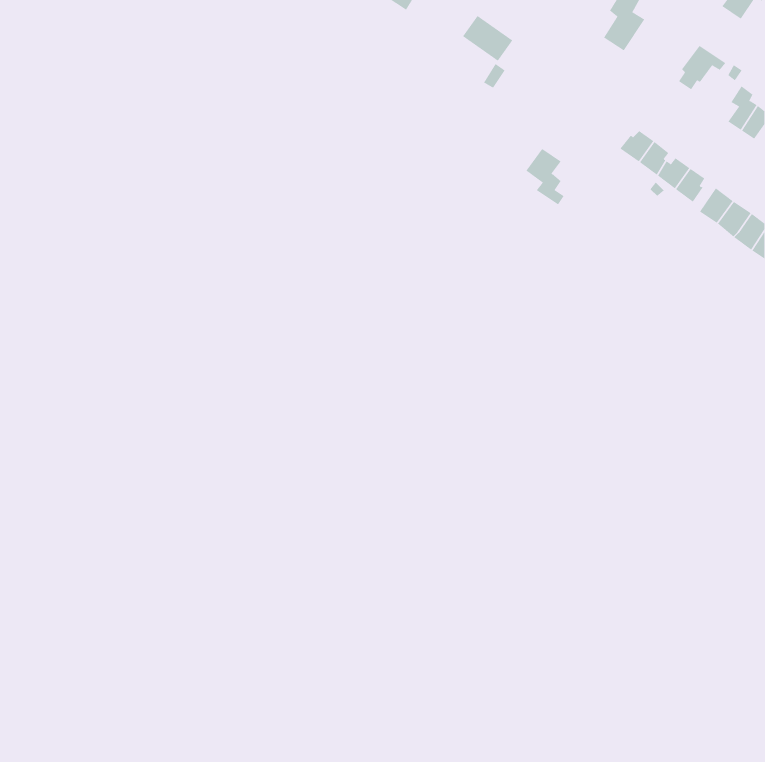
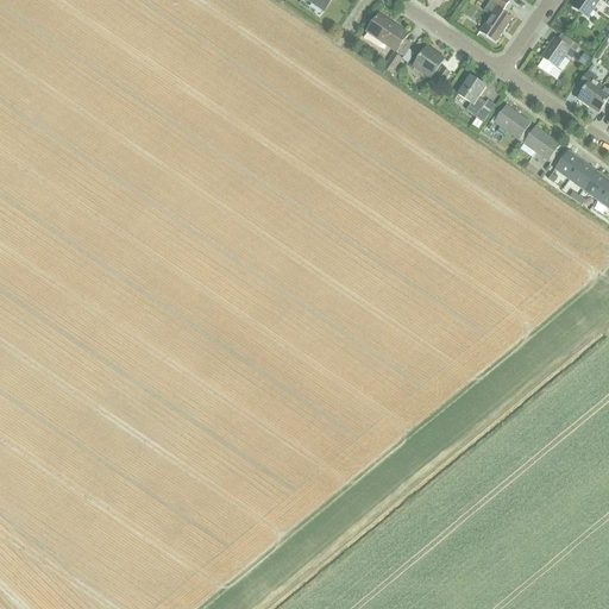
building: none -> [413,44,450,84]
building: [525,148,564,205] -> [457,74,488,119]

